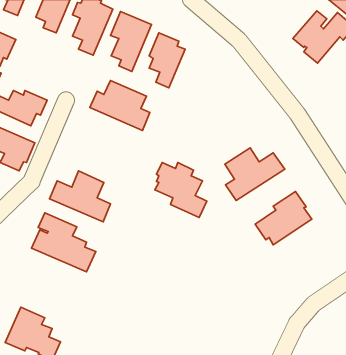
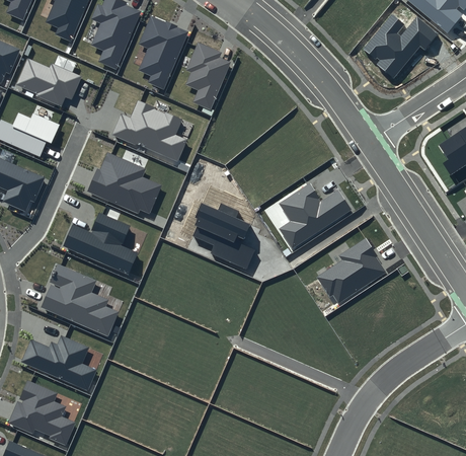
building: none -> [15,59,81,106]
building: none -> [87,152,162,213]
building: none -> [21,335,96,390]

